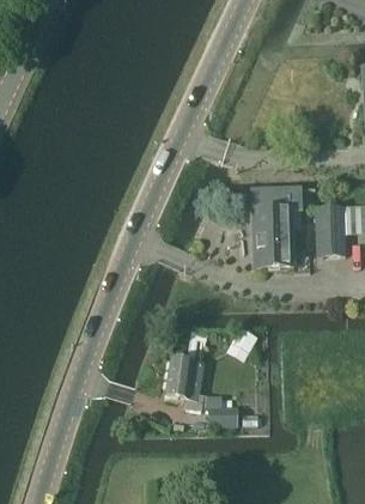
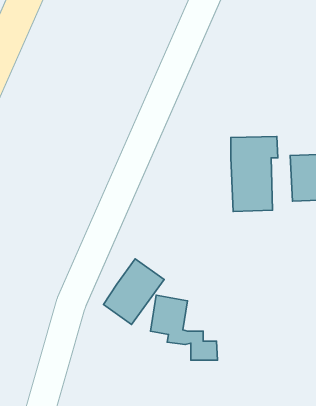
building: none -> [103,259,164,325]

